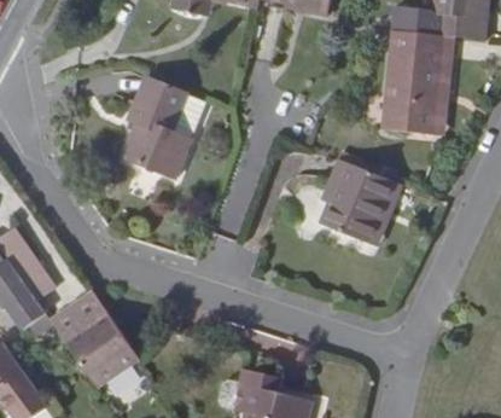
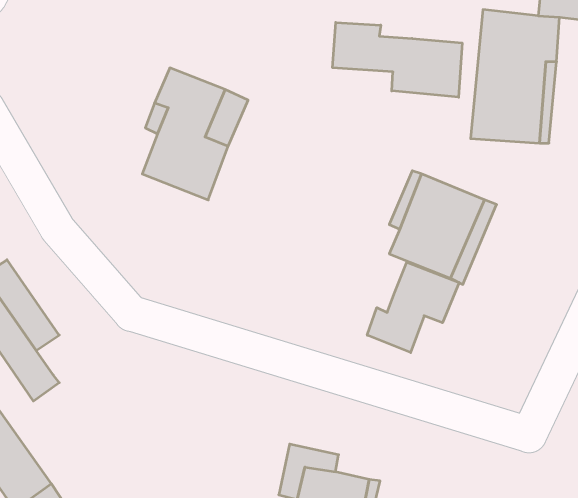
building: none -> [333,22,462,97]
building: none -> [367,262,459,353]
building: [53,291,141,385] -> none

